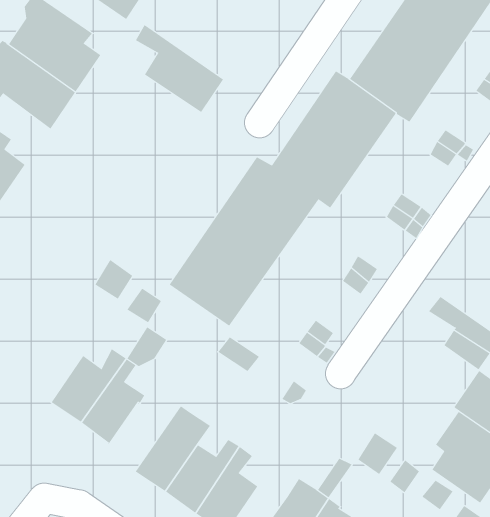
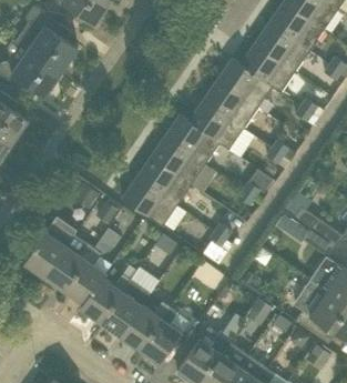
building: [135,24,224,113] -> none
building: none -> [23,221,65,278]
building: none -> [80,274,130,323]

